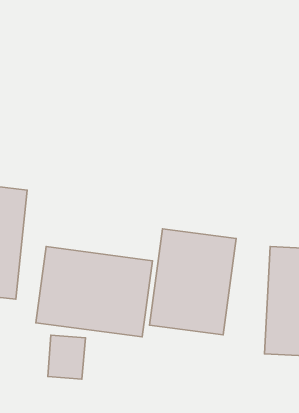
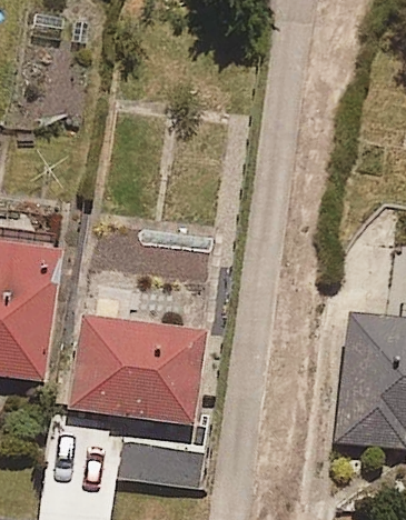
building: [150,229,236,335] -> none

